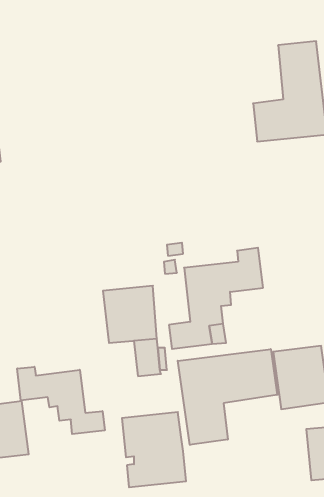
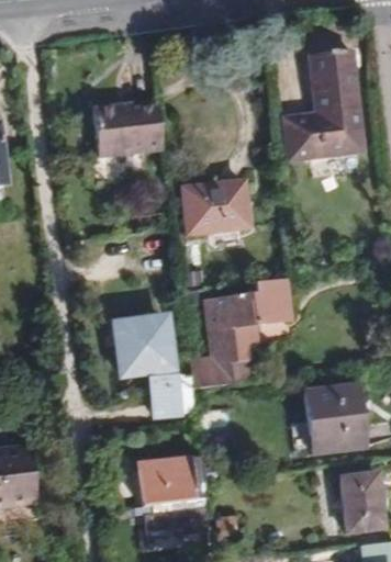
building: none -> [96,105,164,155]
building: none -> [183,182,249,232]
building: [178,349,277,445] -> none
building: [17,367,105,434] -> none

